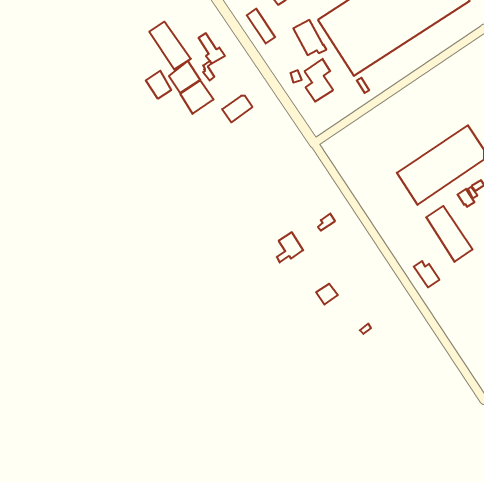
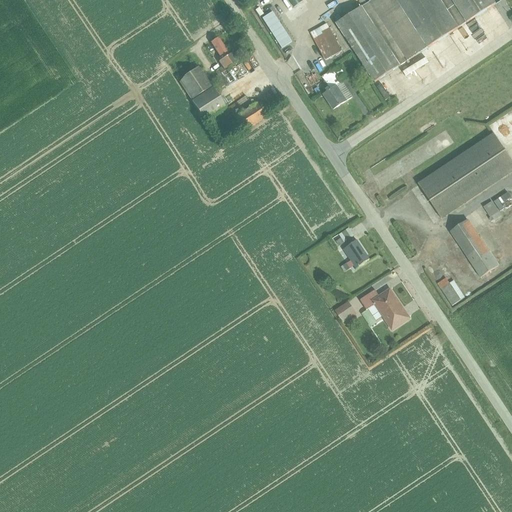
building: [149,22,191,70] -> none
building: [146,71,171,99] -> none
building: [277,232,303,263] -> [340,238,368,270]
building: none -> [358,287,407,328]

